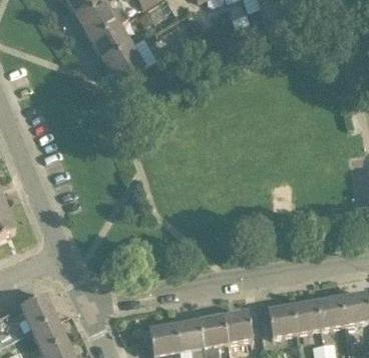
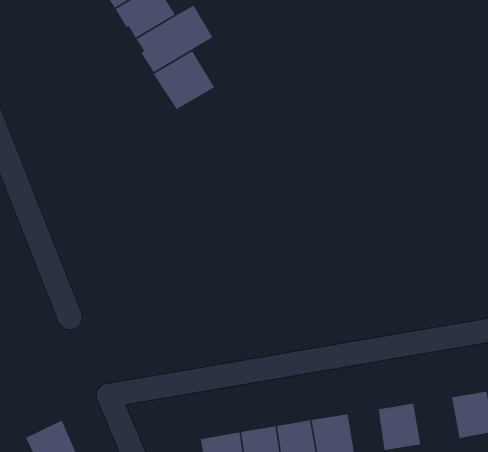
building: none -> [153,50,215,110]
building: [20,294,55,328] -> none
building: [291,301,321,333] -> none

